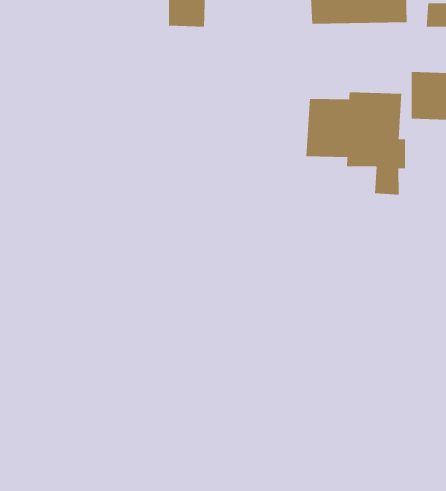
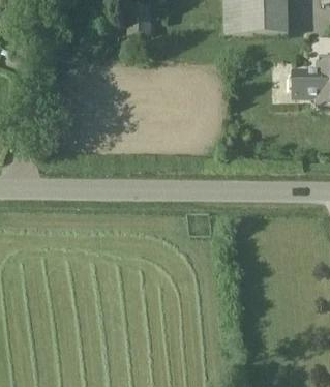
building: [306,91,406,195] -> none

